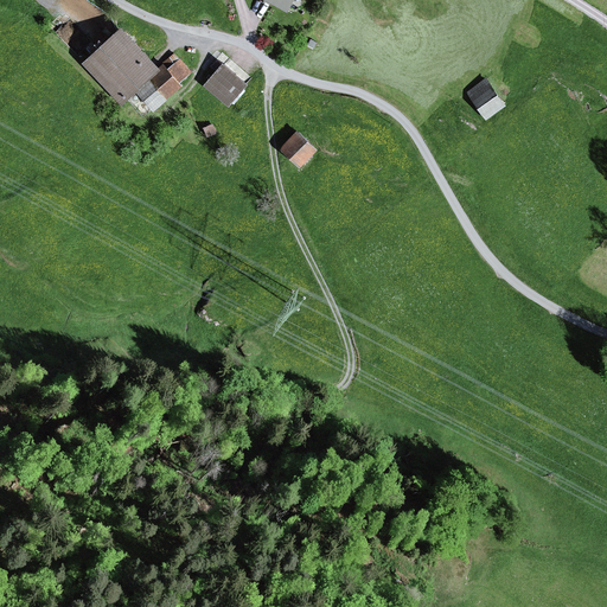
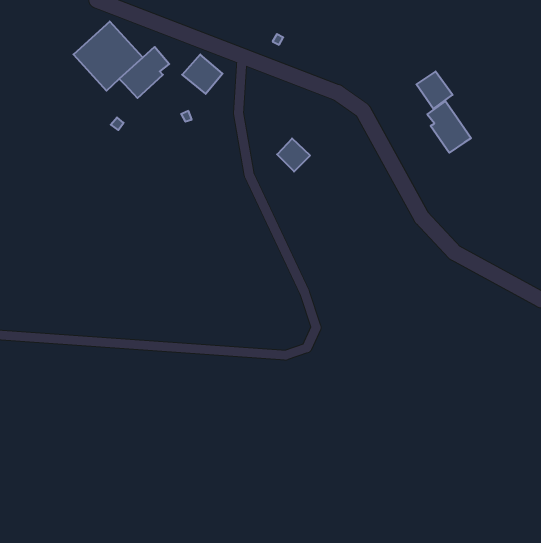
building: none -> [427,101,471,153]
building: [279,132,315,168] -> [277,138,310,172]

